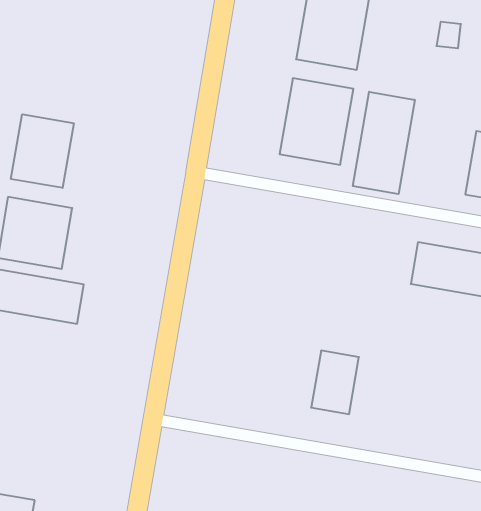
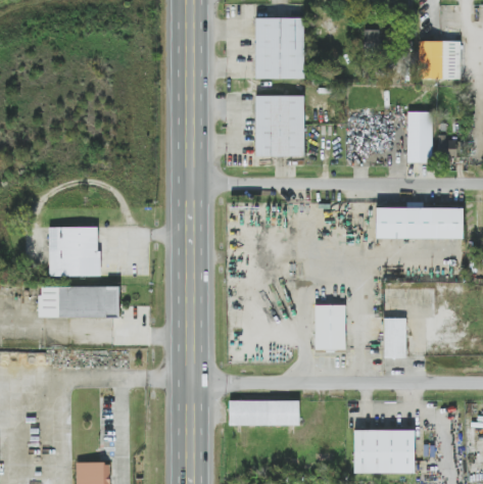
building: [353,92,415,194] -> none
building: [11,114,74,188] -> none
building: none -> [384,318,405,356]
building: none -> [229,400,299,425]

